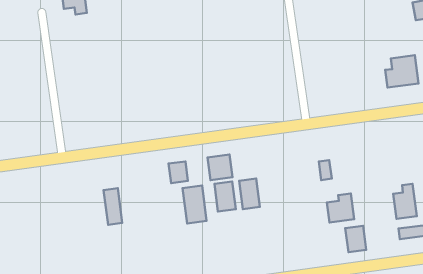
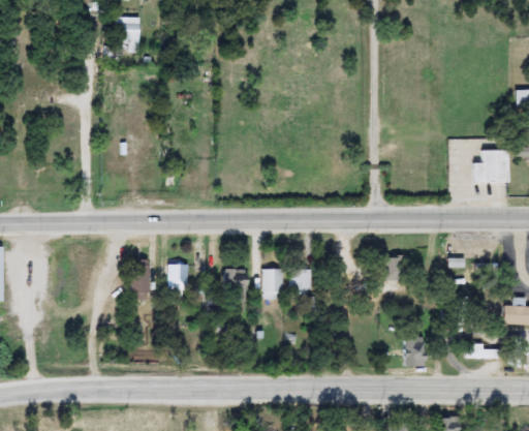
building: [208,155,232,180] -> none
building: [169,161,188,183] -> [168,264,188,286]
building: [393,184,417,219] -> none
building: [327,193,354,222] -> none

